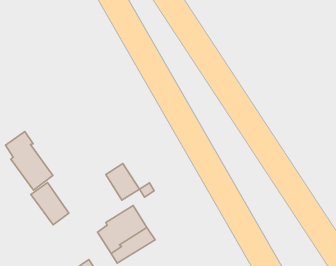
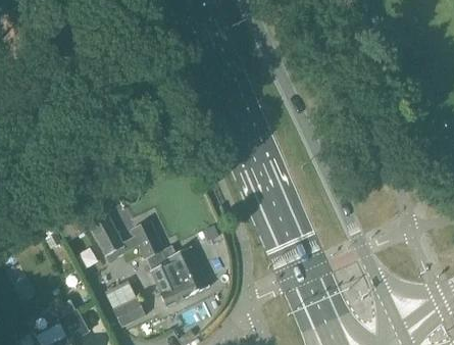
building: [5,131,53,190] -> none
building: [106,164,140,200] -> [132,217,165,256]

